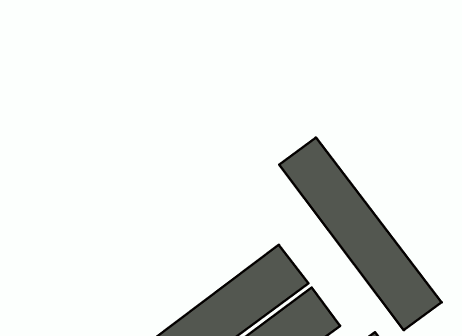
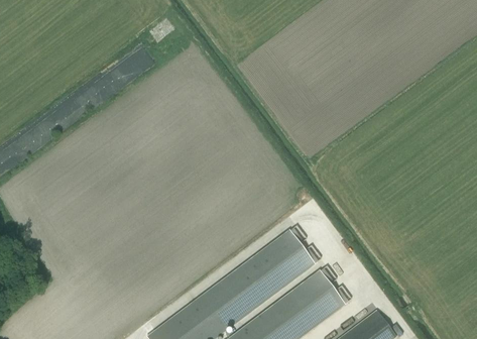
building: [279,138,442,330] -> none

